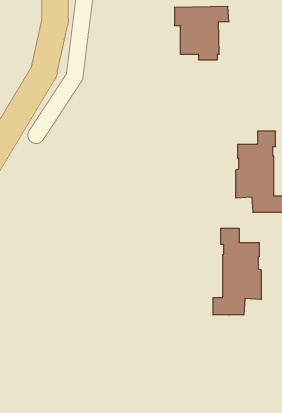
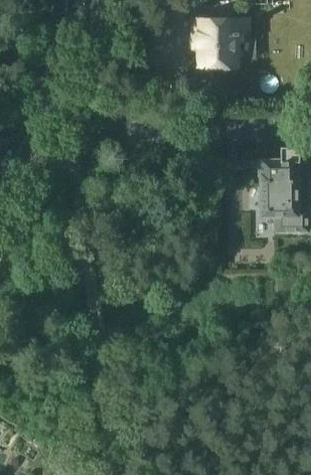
building: [213,228,261,315] -> none

